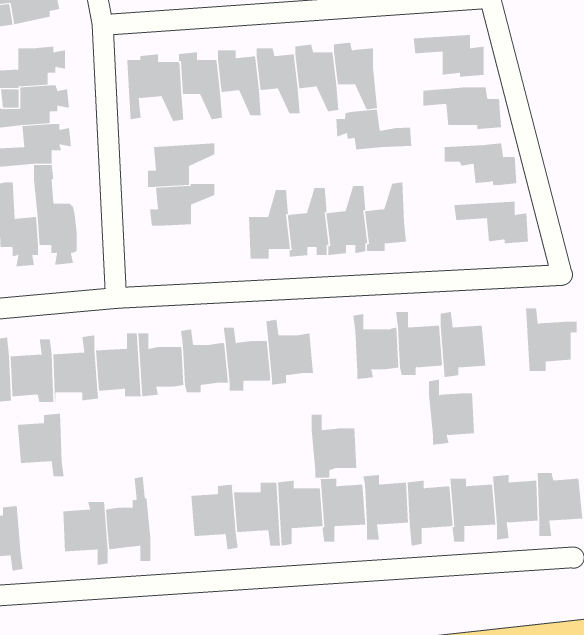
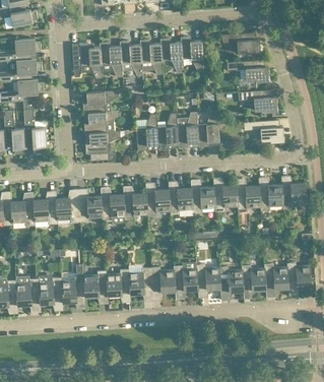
building: [336,109,412,150] -> none
building: none -> [84,131,120,161]
building: [428,379,475,445] -> [258,177,282,211]
building: [16,413,65,477] -> [14,278,40,312]
building: [311,414,357,478] -> [168,181,192,214]
building: none -> [82,270,107,304]

